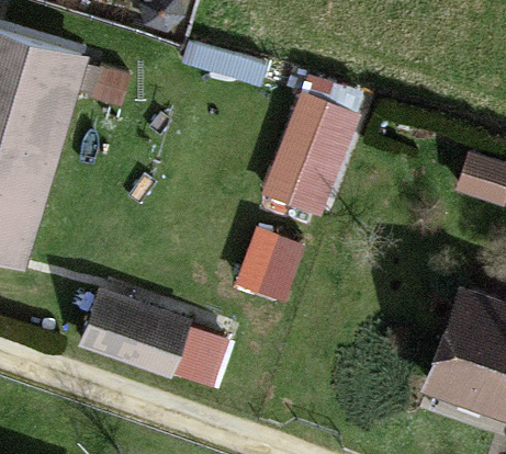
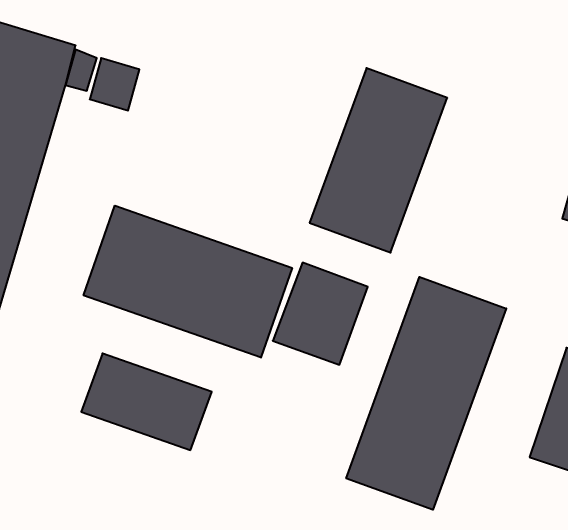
building: none -> [84,206,292,358]
building: none -> [346,277,506,510]

